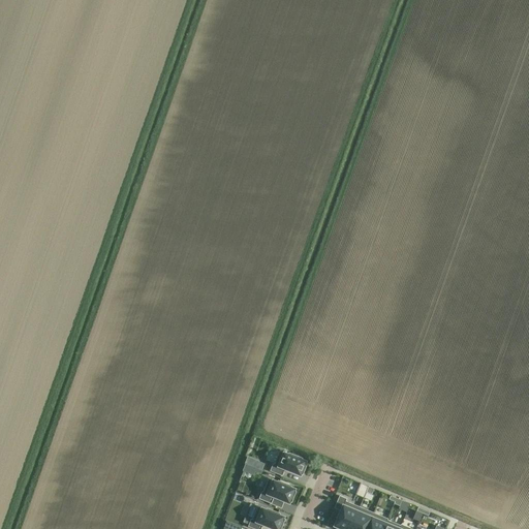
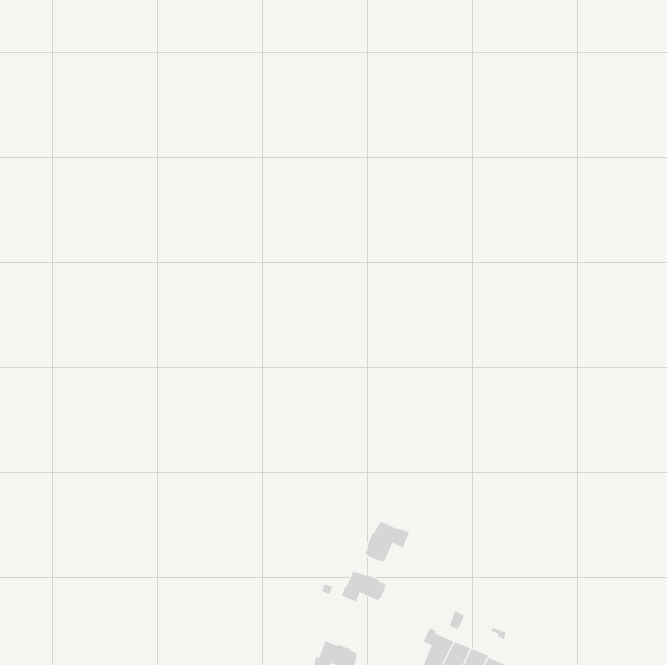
building: none -> [365,521,410,562]
building: [258,480,294,505] -> none

